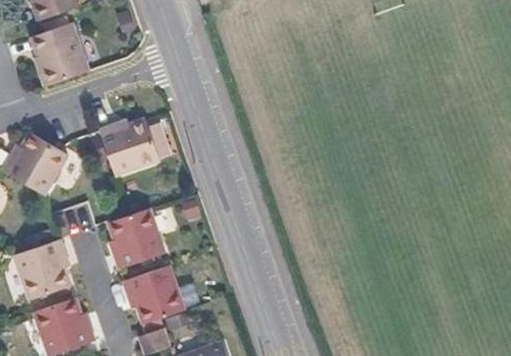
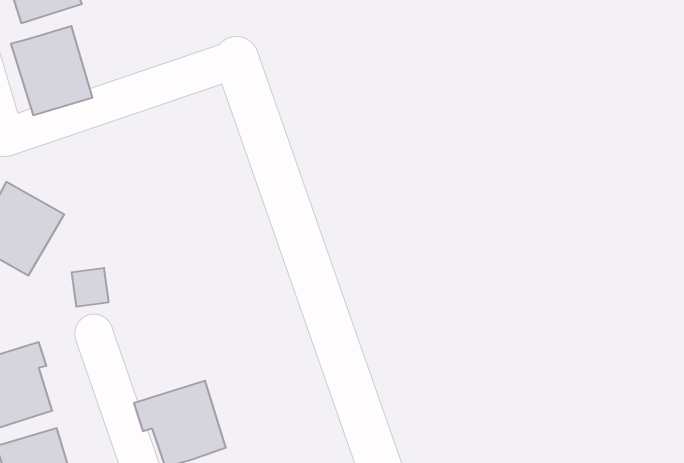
building: [100,120,171,176] -> none
building: [108,209,164,270] -> none

